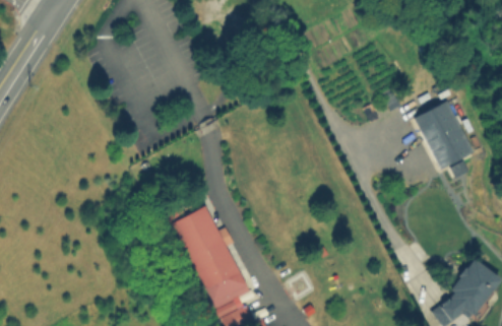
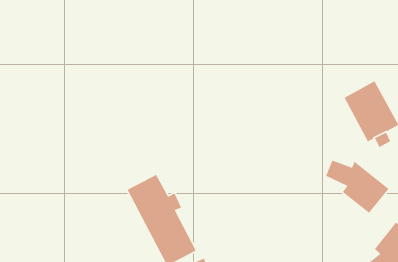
building: none -> [325,159,390,214]

